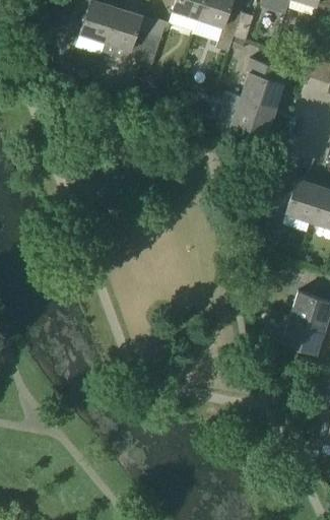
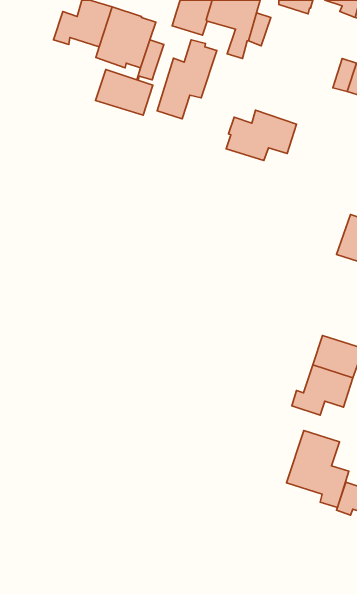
building: none -> [157,40,217,119]
building: [240,59,283,109] -> none
building: none -> [95,69,153,115]
building: [263,179,322,241] -> none
building: none -> [287,430,349,507]

